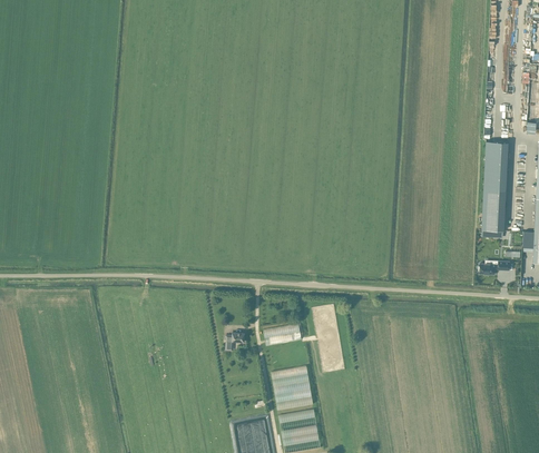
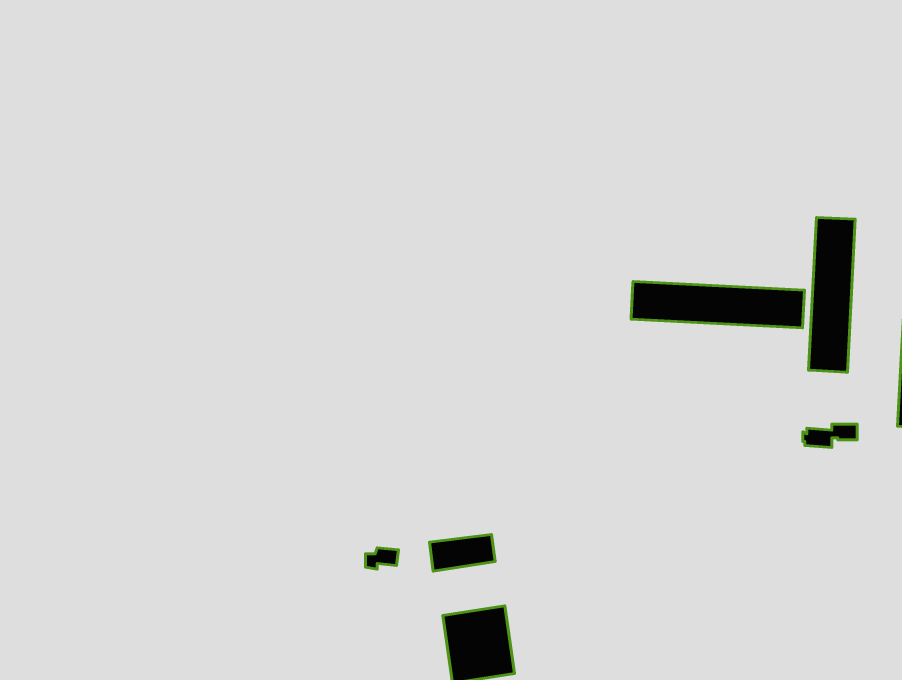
building: none -> [631,282,804,328]

